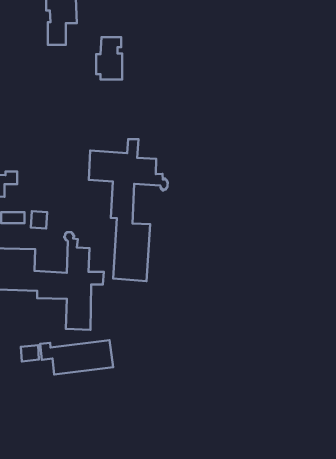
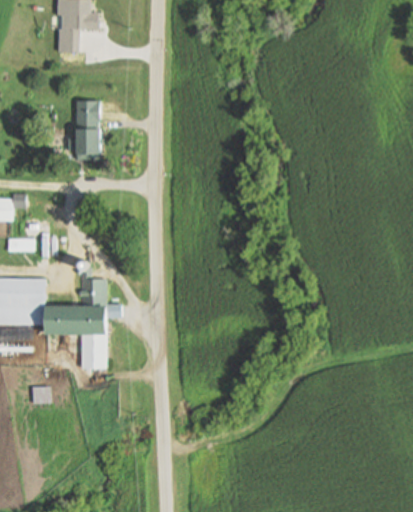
building: [96,37,122,80] -> [72,108,101,155]
building: [89,139,168,281] -> none
building: [40,340,113,375] -> none

